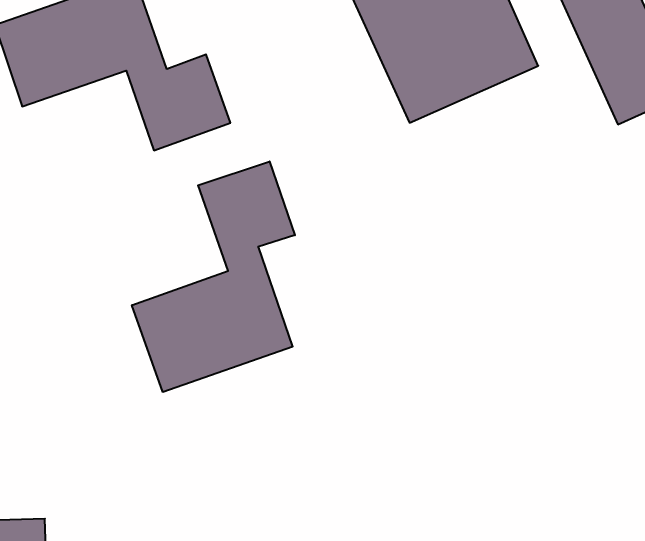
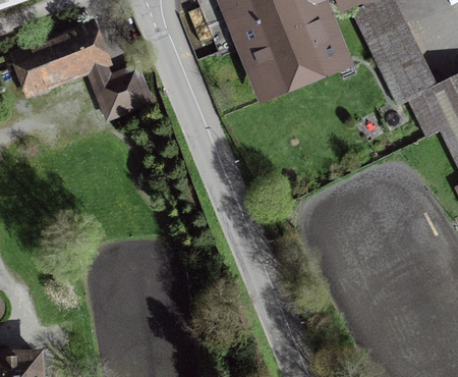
building: [132,161,295,392] -> none

